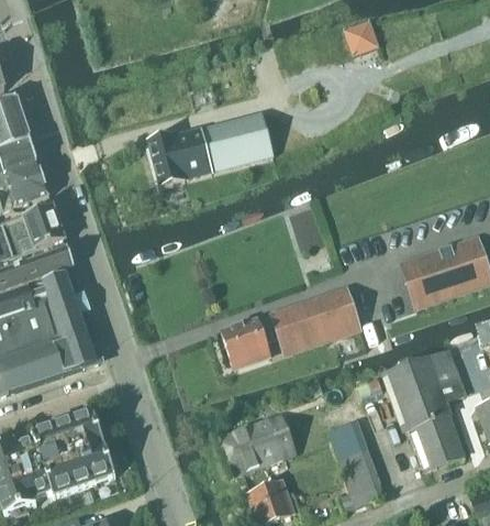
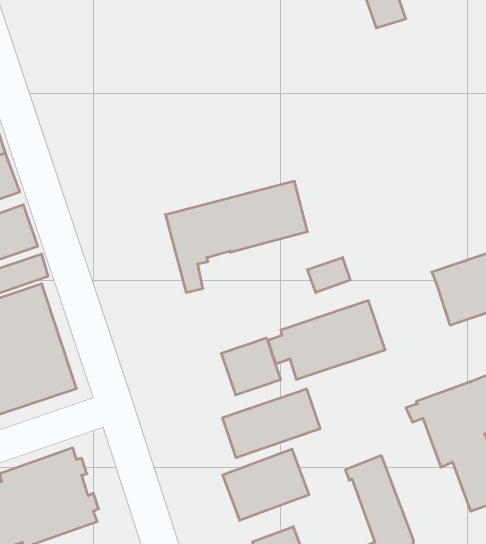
building: [153,112,274,207] -> [165,181,308,292]
building: none -> [307,257,350,293]
building: none -> [223,389,320,458]

